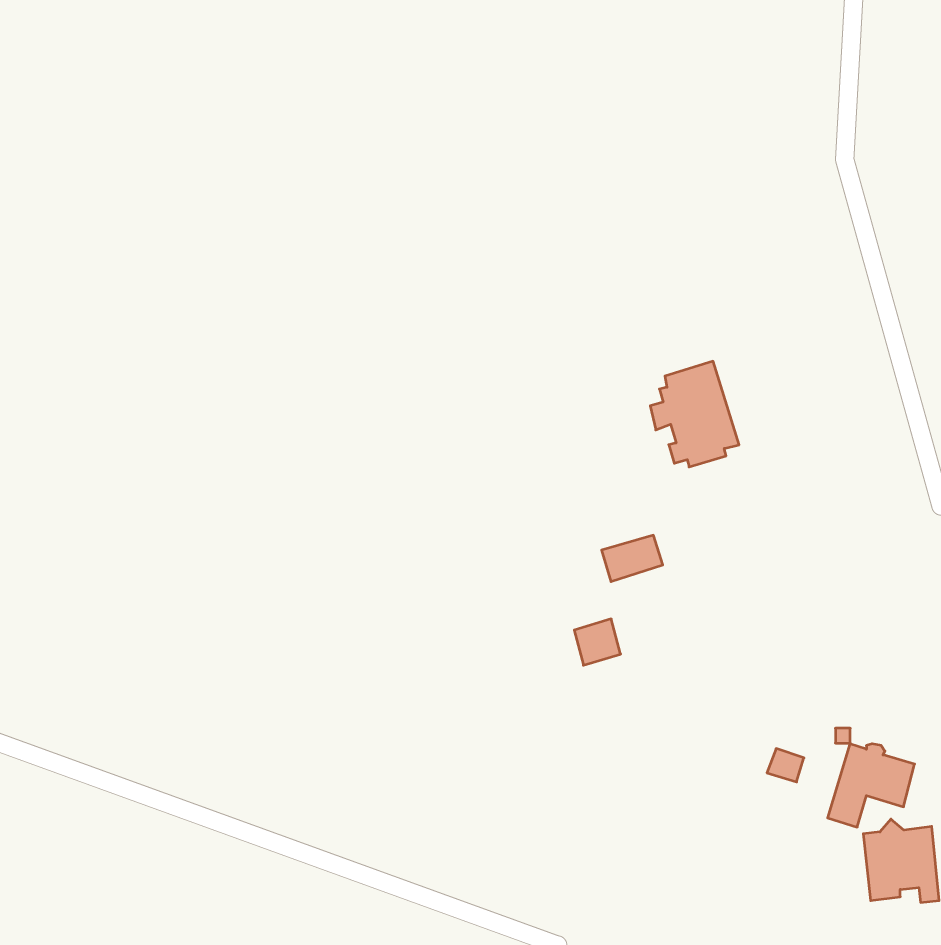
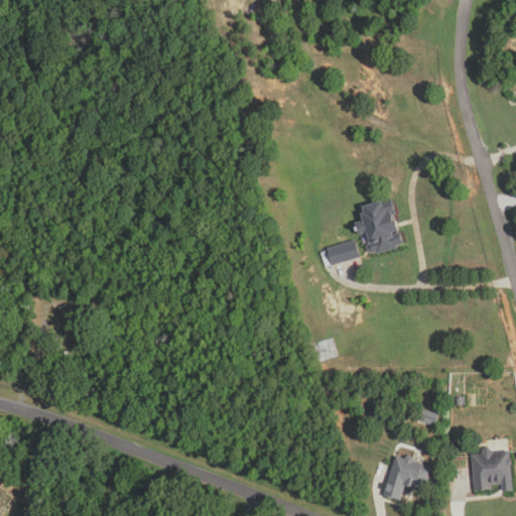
building: [602,535,663,582] -> [326,239,359,264]
building: [828,744,915,827] -> [382,455,429,500]

